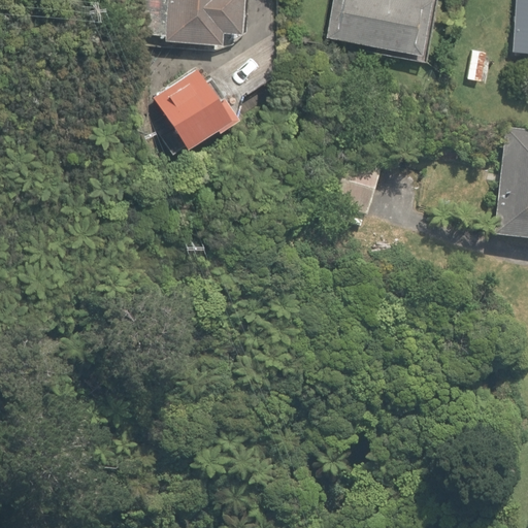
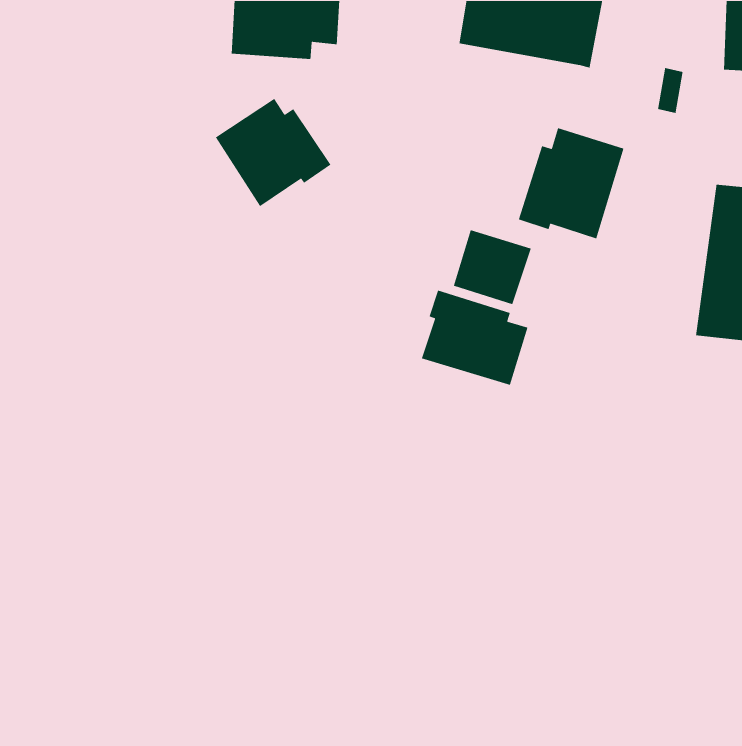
building: none -> [518,127,624,239]
building: none -> [421,290,528,386]

